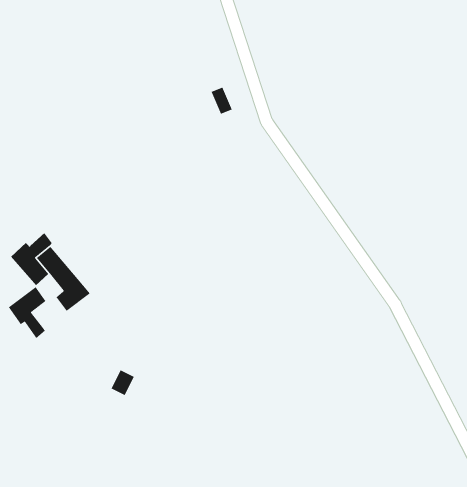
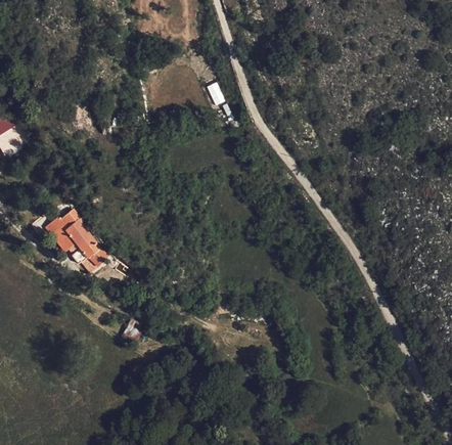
building: [8,286,47,339] -> none

